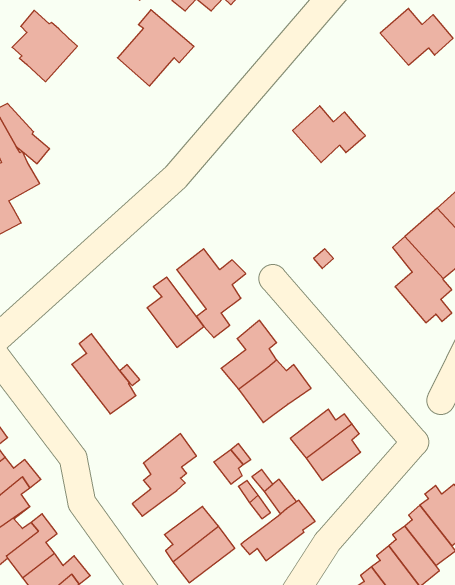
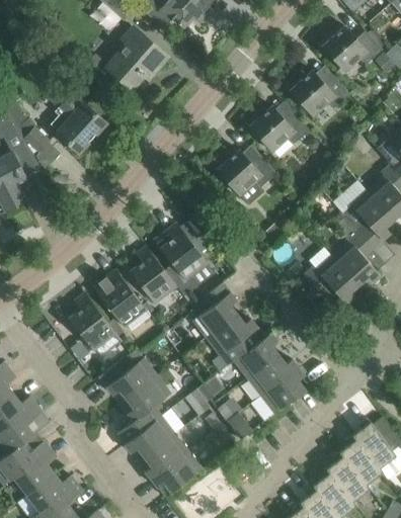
building: [12,10,77,82] -> [52,93,105,152]
building: none -> [290,70,350,117]
building: none -> [217,149,277,195]
building: none -> [305,254,359,305]
building: none -> [99,269,147,327]
building: none -> [234,332,279,378]
building: none -> [99,357,158,399]
building: [241,500,315,561] -> [125,408,185,457]

